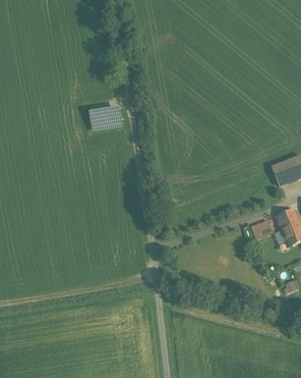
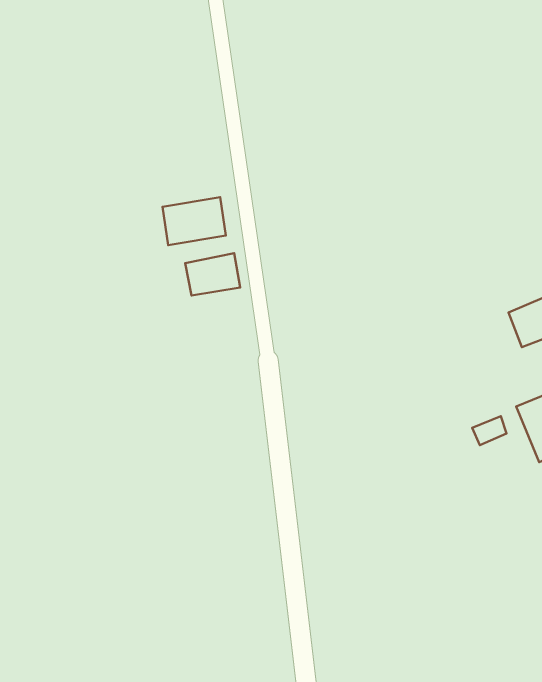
building: none -> [185,253,240,295]

